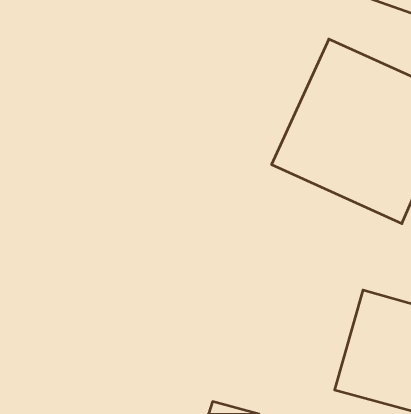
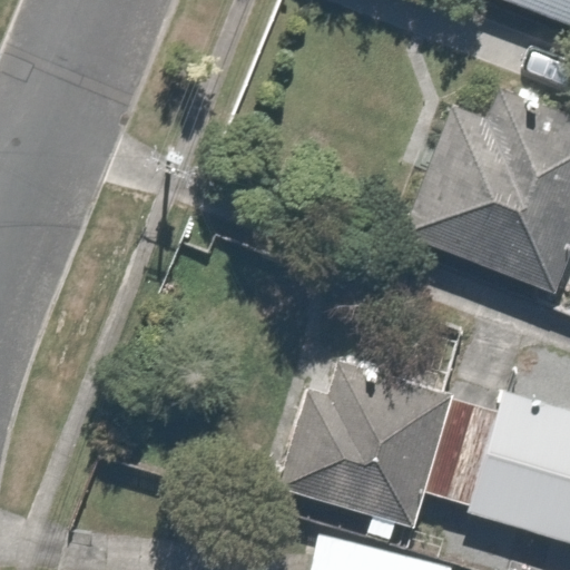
building: none -> [289,376,463,521]

